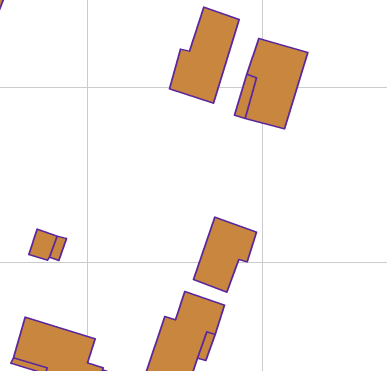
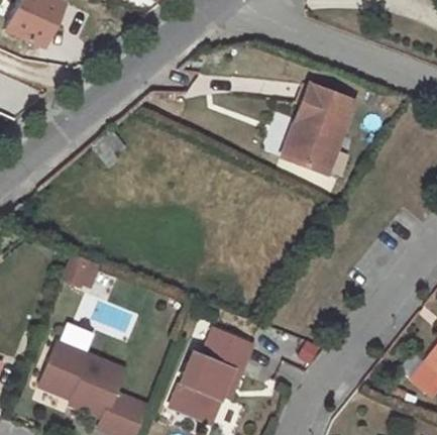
building: [169,7,239,103] -> none
building: [193,217,256,292] -> none

